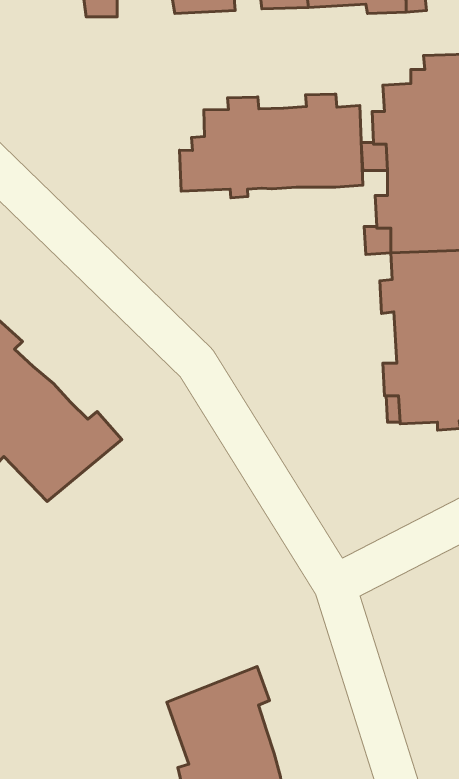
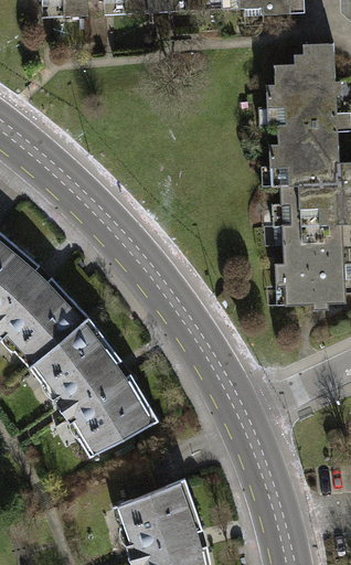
building: [179,94,363,198] -> none
building: none -> [35,317,158,452]

